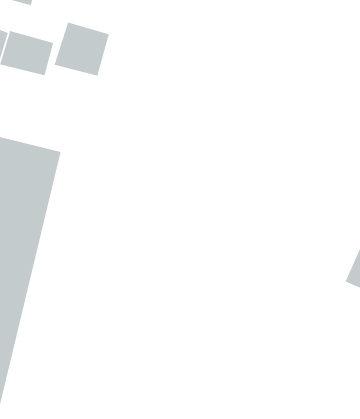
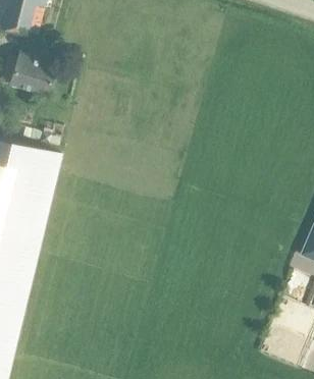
building: [53,21,110,77] -> none

